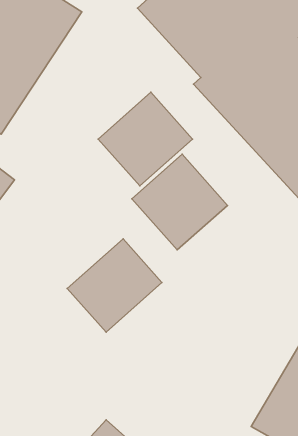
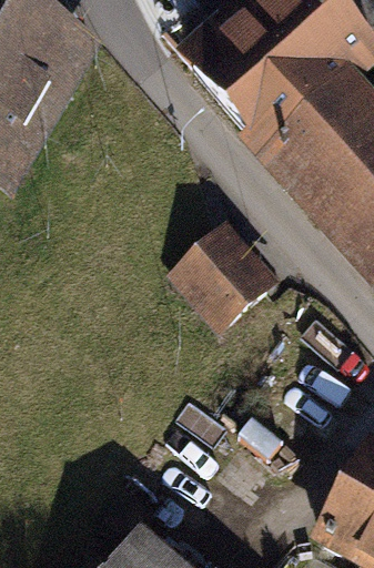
building: [98,92,192,186] -> none
building: [67,239,162,332] -> none

